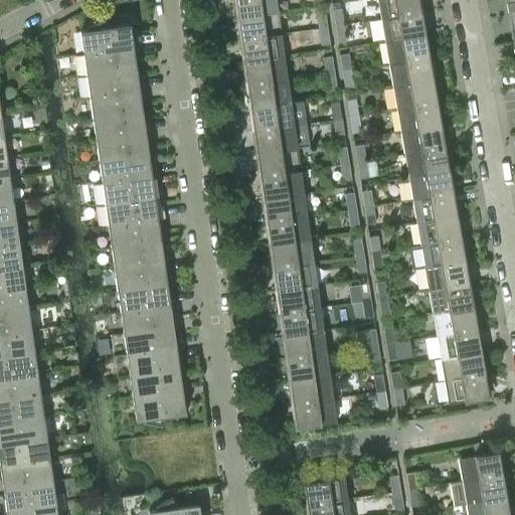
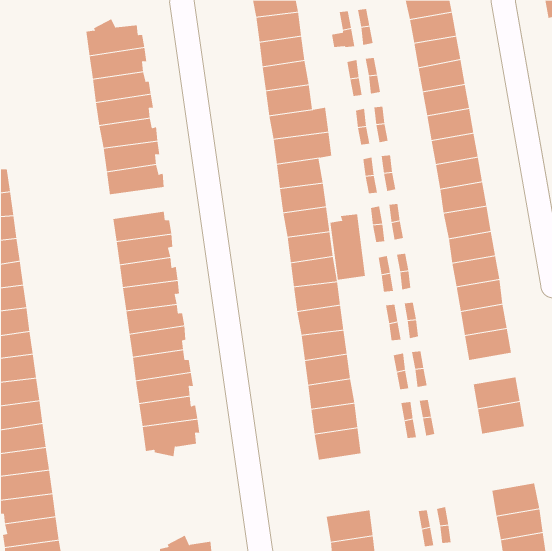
building: [103,176,156,205] -> none
building: none -> [330,213,365,280]
building: [437,330,481,359] -> none

